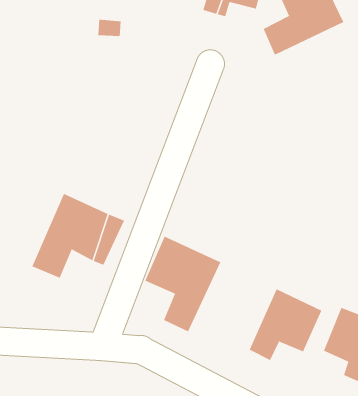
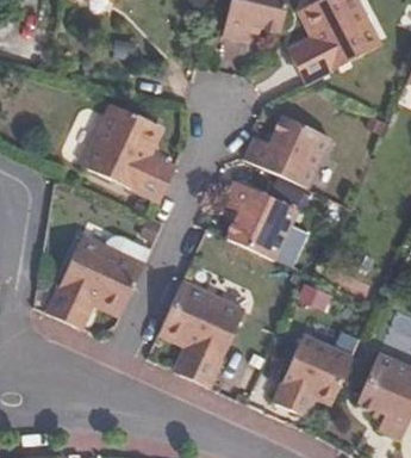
building: none -> [79,103,170,200]
building: none -> [249,117,334,191]
building: none -> [224,177,298,259]

